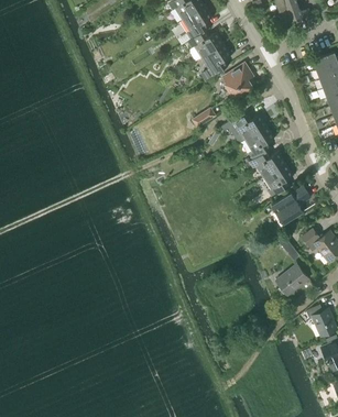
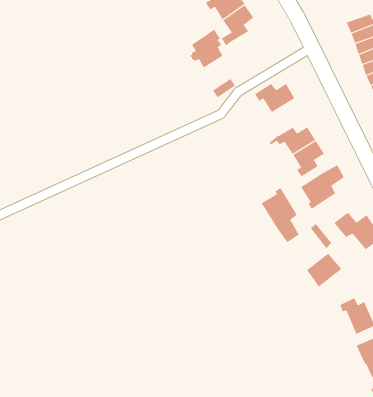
building: [221,64,251,99] -> [190,29,223,68]
building: [246,128,274,161] -> none
building: none -> [261,187,299,243]

